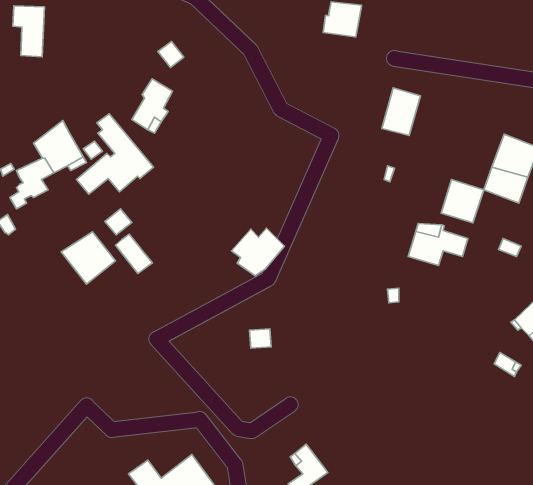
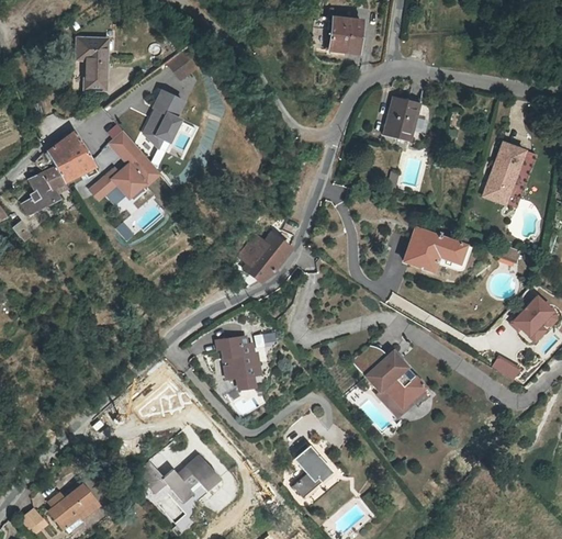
building: [13,6,44,57] -> [77,41,108,90]
building: [441,180,484,223] -> none
building: [61,232,116,284] -> none
building: [116,234,152,274] -> none
building: none -> [221,339,258,390]
building: none -> [351,346,428,418]

